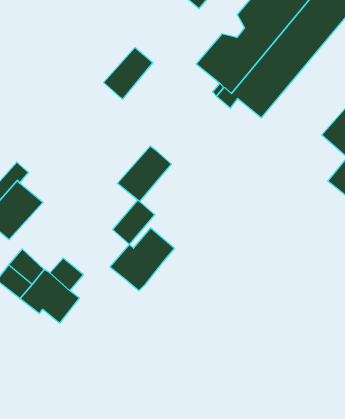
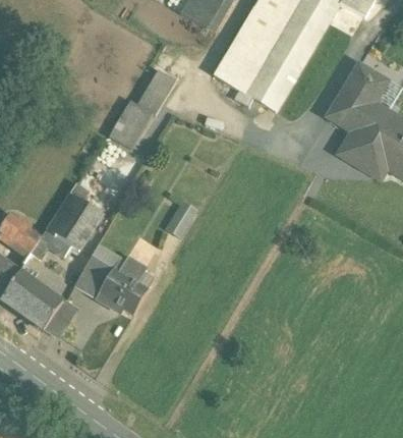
building: [117,146,171,201] -> [109,101,152,149]
building: [110,228,175,291] -> none

